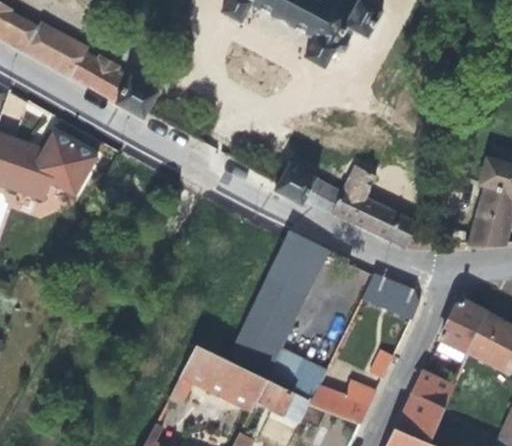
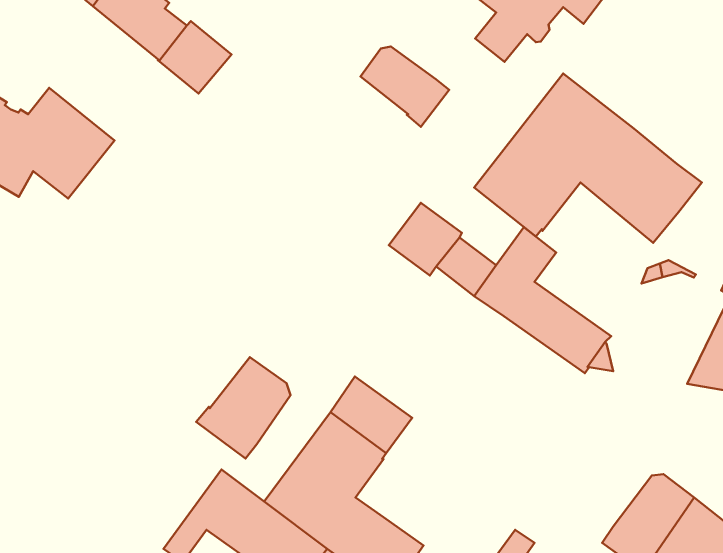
building: none -> [474,74,702,243]
building: none -> [361,46,449,127]
building: [267,230,328,293] -> none
building: [361,273,419,319] -> none
building: none -> [196,357,291,458]

